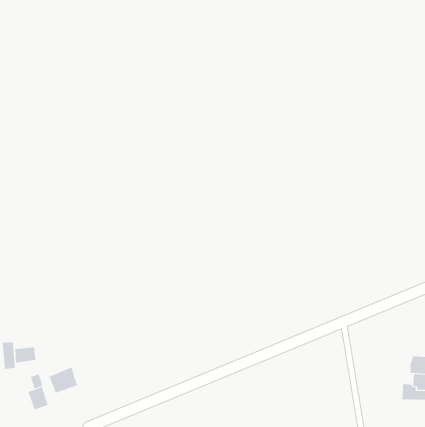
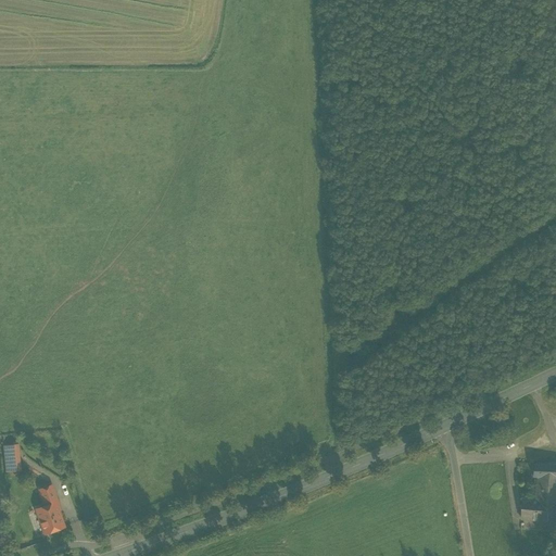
building: [15,347,36,363] -> none
building: [49,367,78,394] -> none

